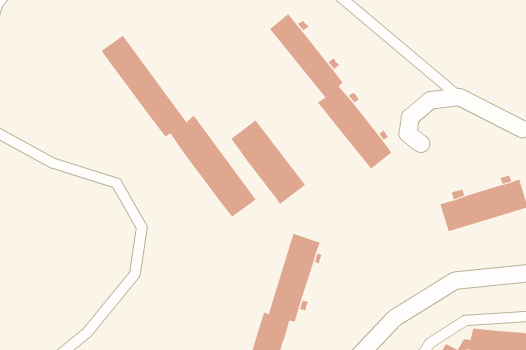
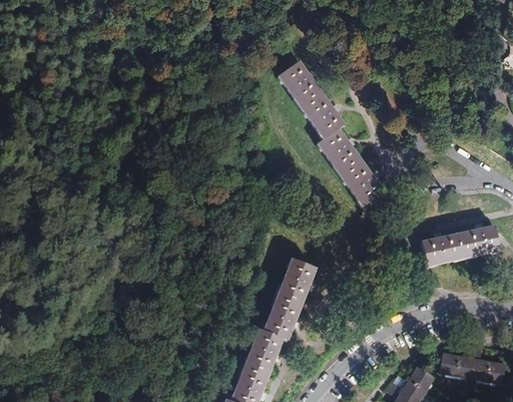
building: [101,35,256,217] -> none
building: [231,120,306,205] -> none

